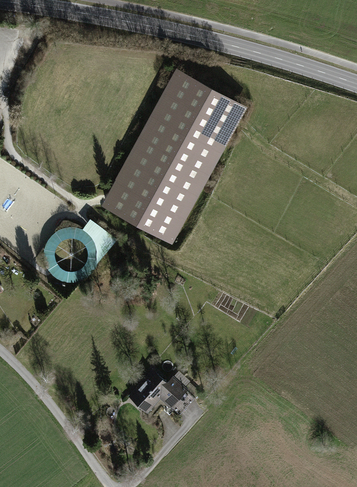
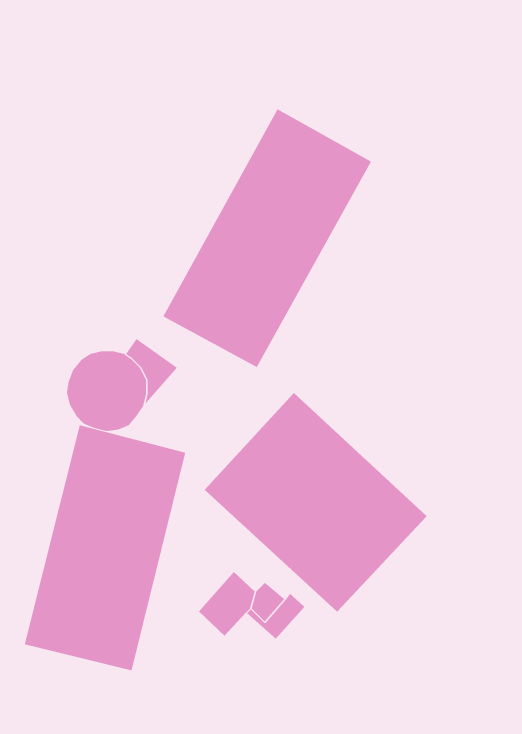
building: none -> [204,392,427,612]
building: none -> [24,425,186,671]

